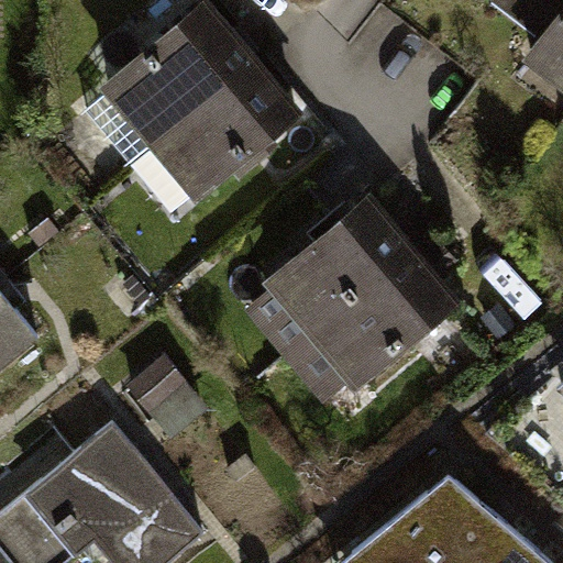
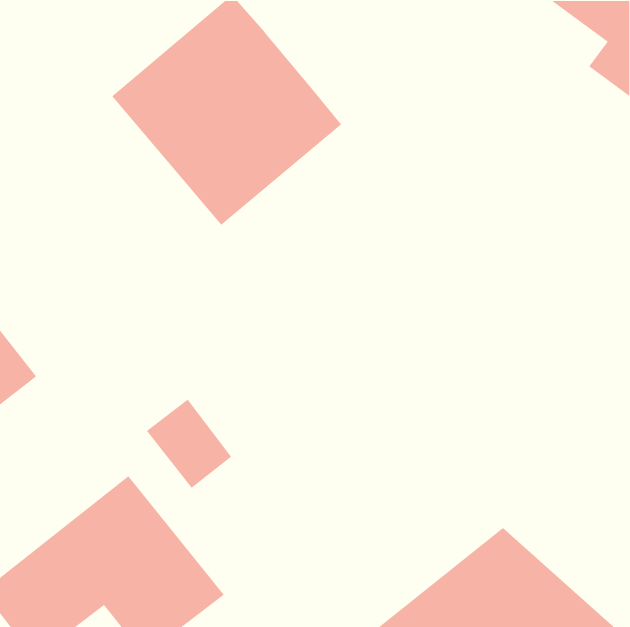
building: [246,200,459,404] -> none

